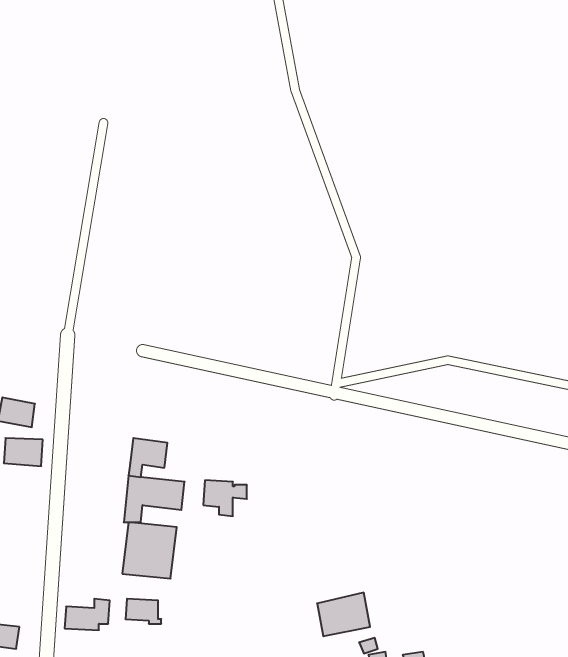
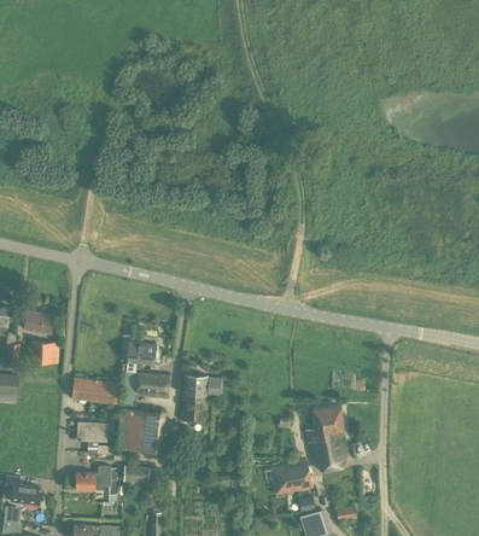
building: none -> [71,378,118,402]
building: none -> [180,394,205,421]
building: none -> [304,407,347,466]
building: none -> [77,423,107,442]

